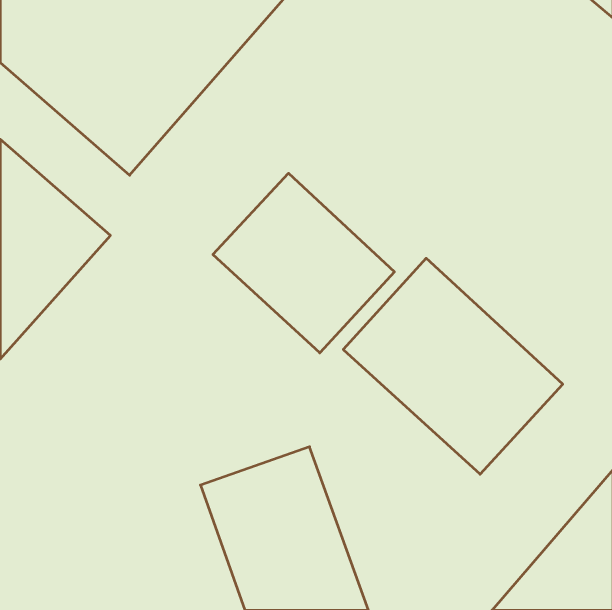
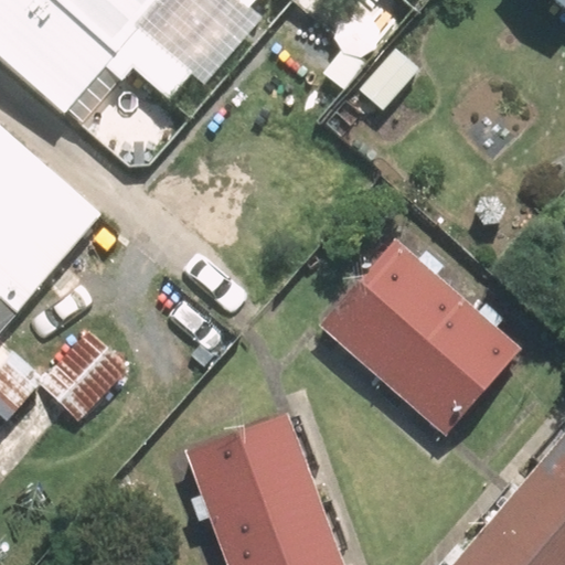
building: [213,173,394,353] -> none

